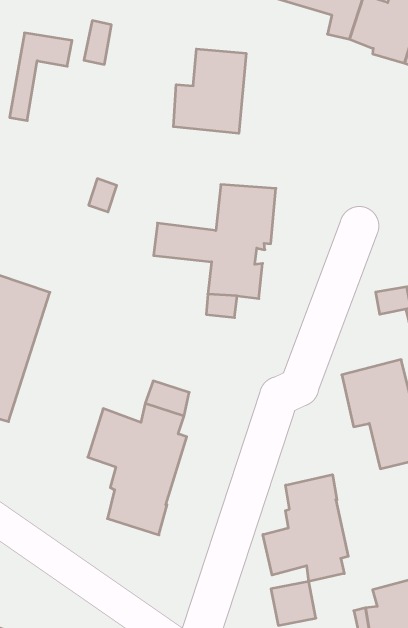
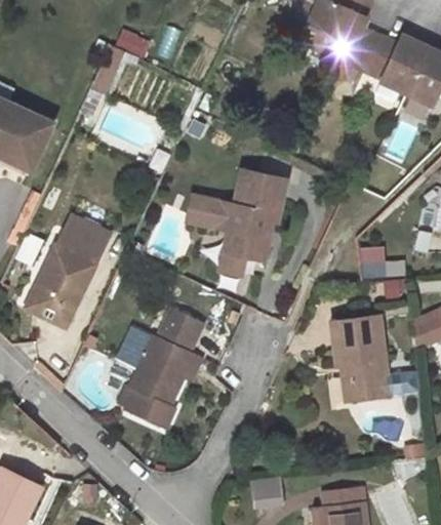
building: [173,49,246,133] -> none
building: [263,475,348,582] -> none

